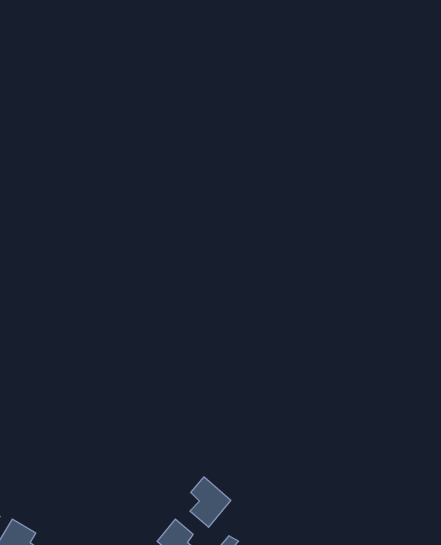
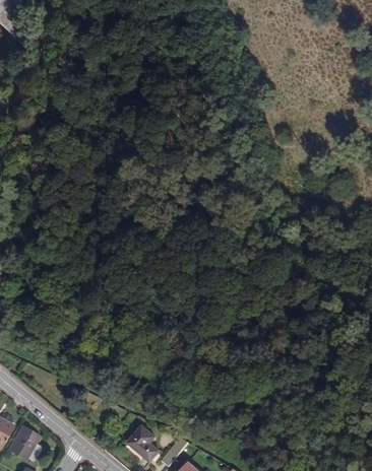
building: [190,477,231,527] -> none

